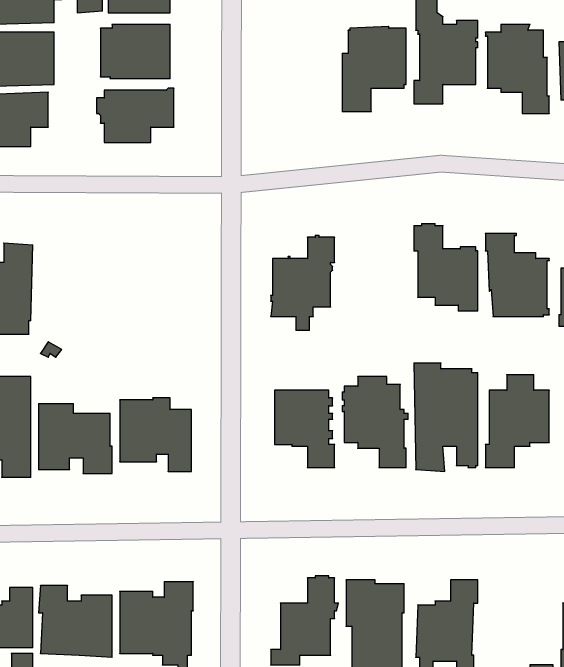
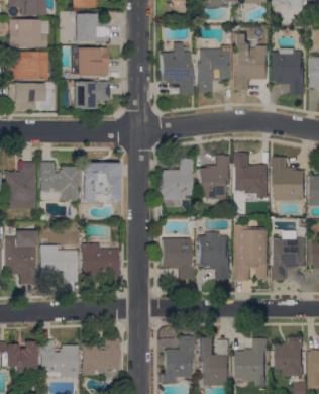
building: none -> [160,43,193,95]
building: none -> [197,155,230,203]
building: none -> [38,162,77,200]
building: none -> [81,163,118,199]
building: none -> [275,336,303,375]

